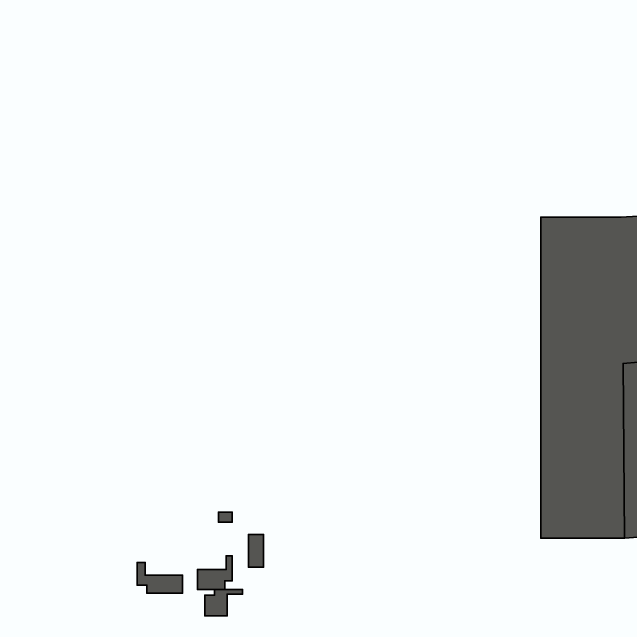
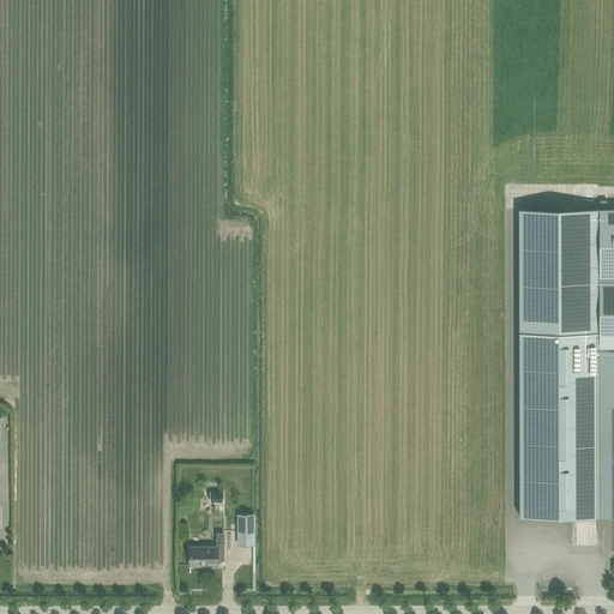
building: [137,563,182,593] -> none
building: [205,590,242,616] -> none

